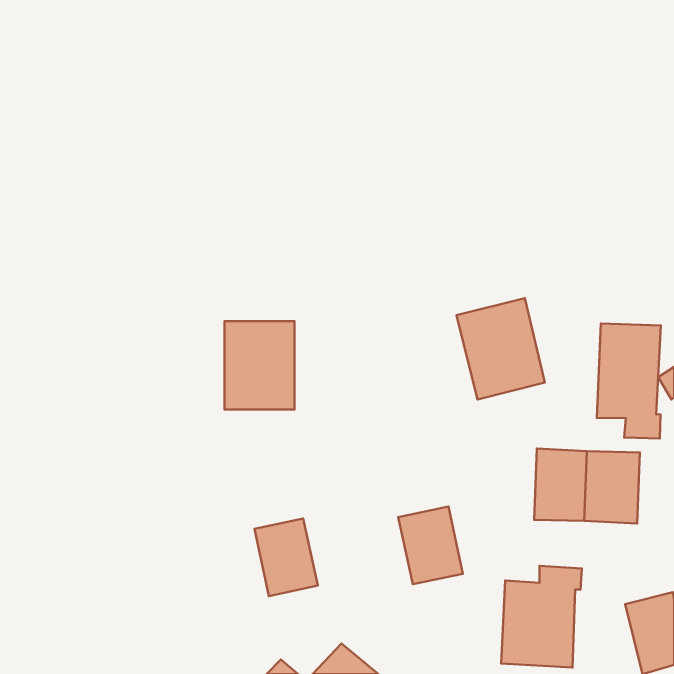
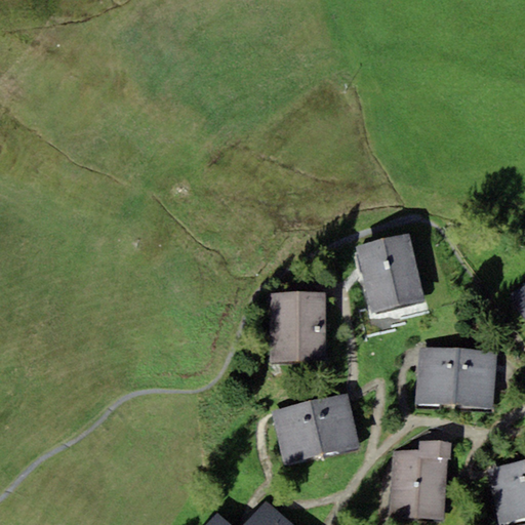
building: [225,321,294,409] -> [271,292,325,361]
building: [597,323,661,439] -> none
building: [254,518,318,596] -> [272,402,321,462]

